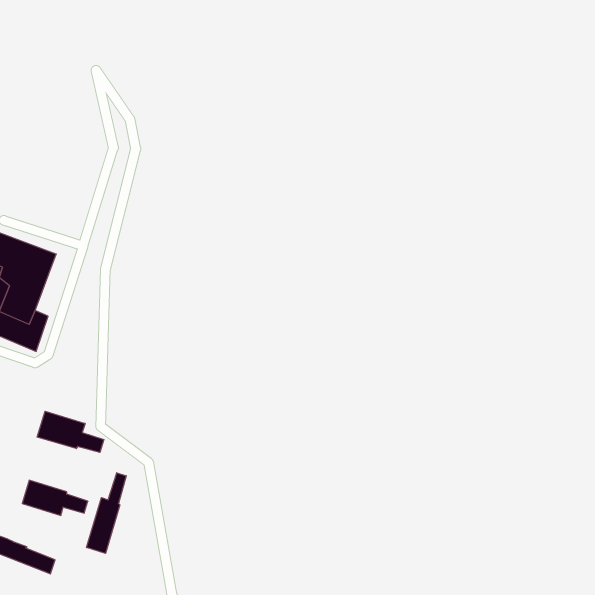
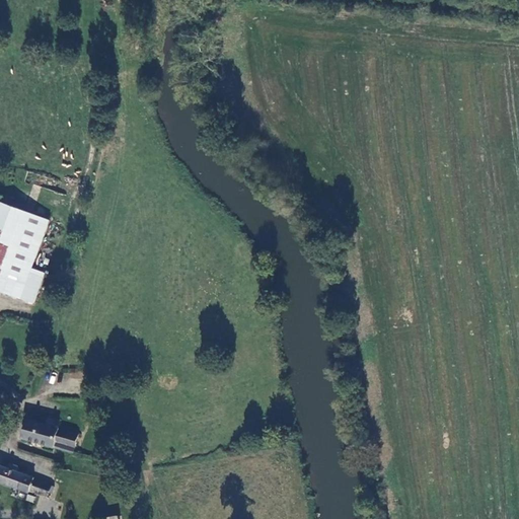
building: [37,411,104,452] -> none
building: [87,473,126,553] -> none

